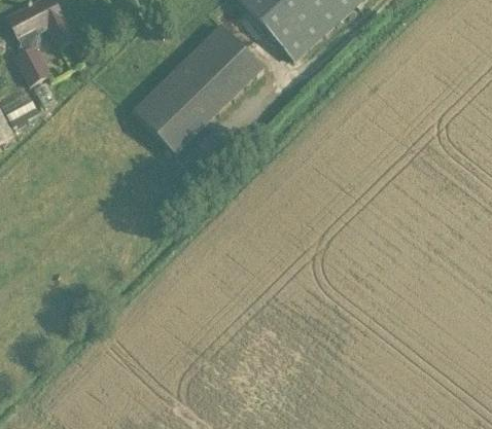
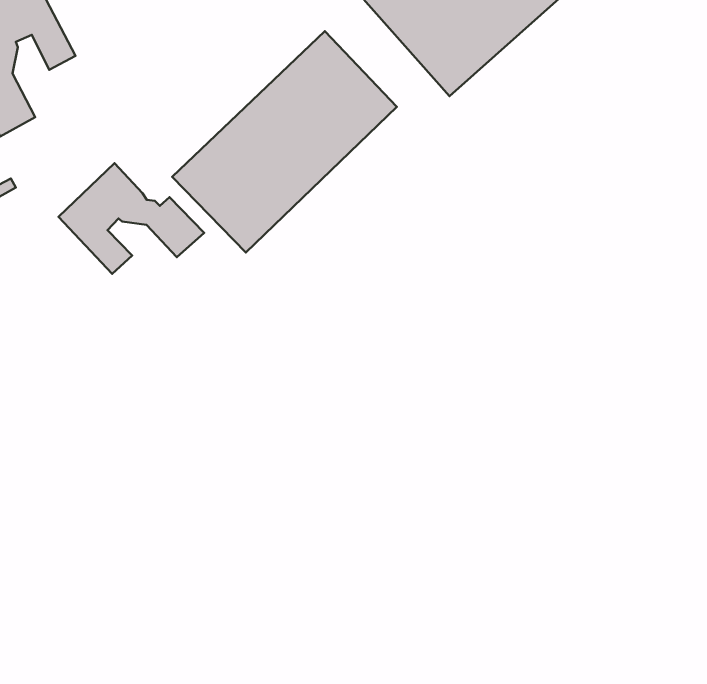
building: none -> [59,163,204,274]

